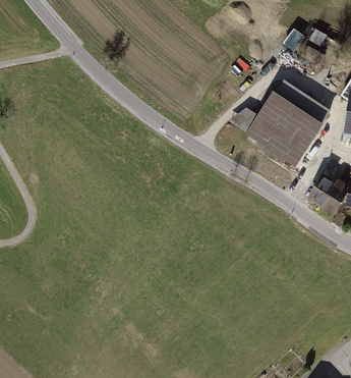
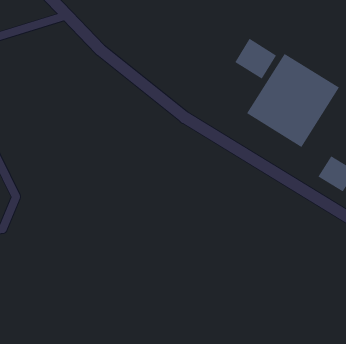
building: none -> [235,38,277,80]

